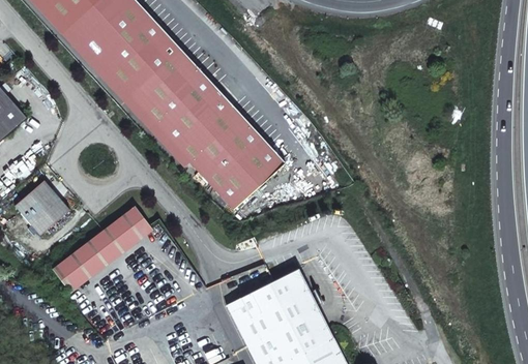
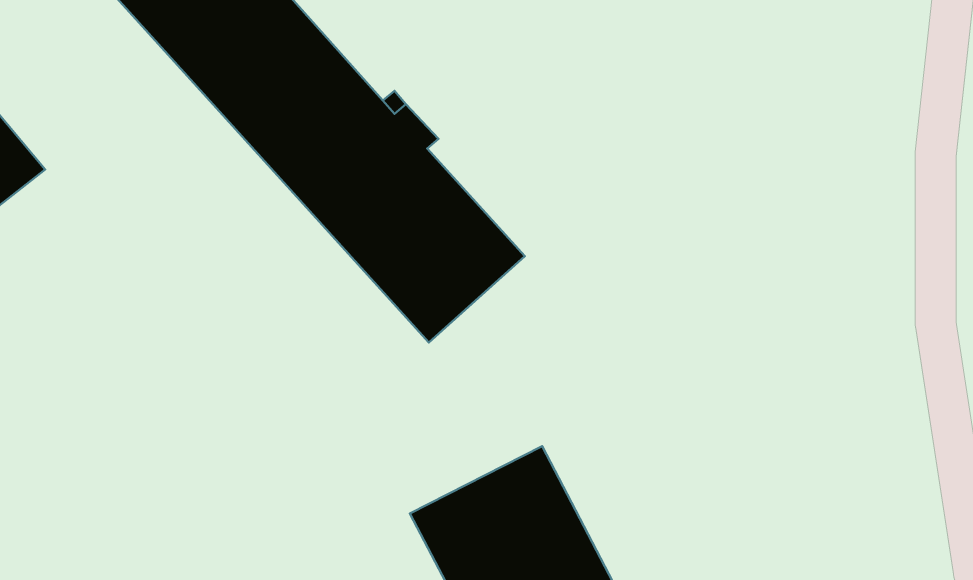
building: [12,183,67,238] -> none
building: [49,207,149,294] -> none

